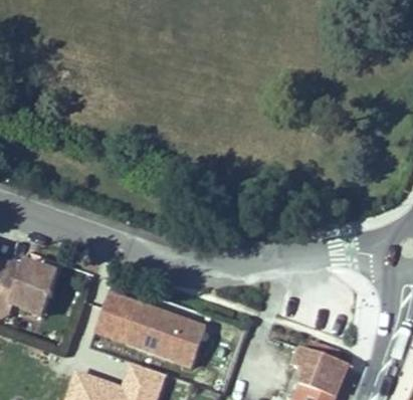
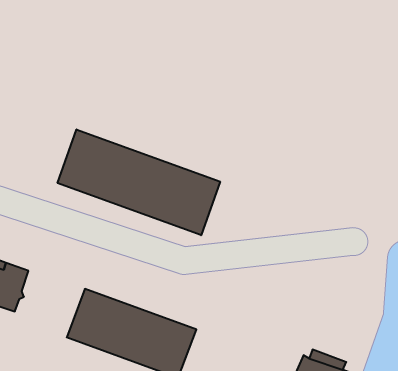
building: none -> [58,129,220,235]

